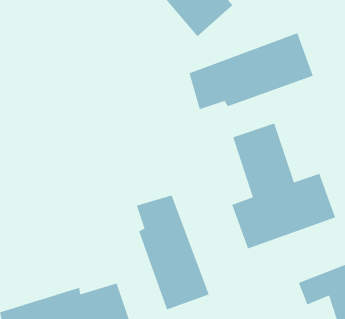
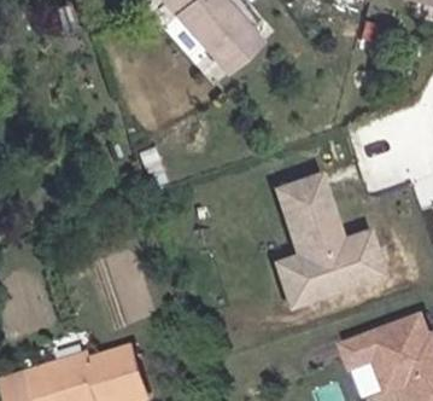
building: [188,32,314,110] -> none
building: [136,194,210,310] -> none

